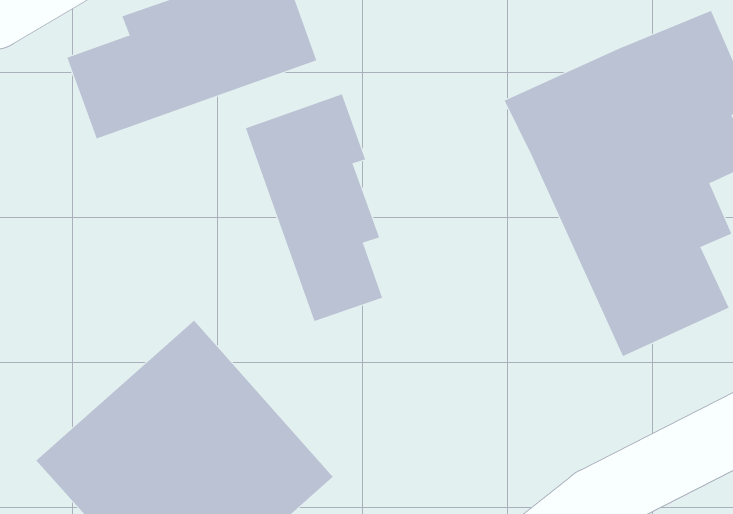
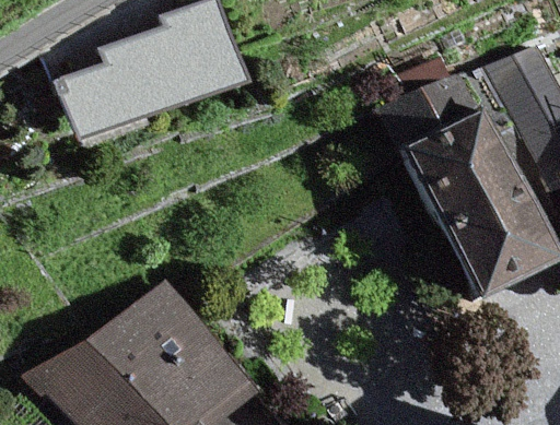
building: [245,94,383,322] -> none

